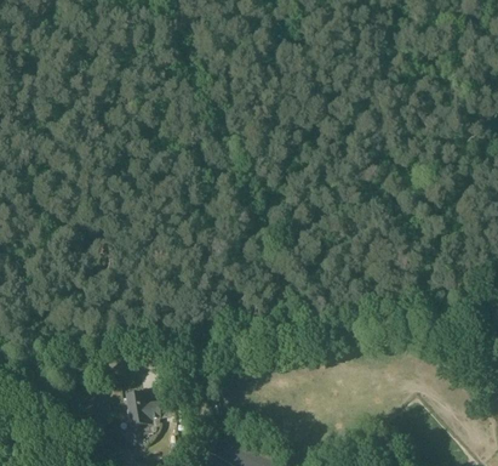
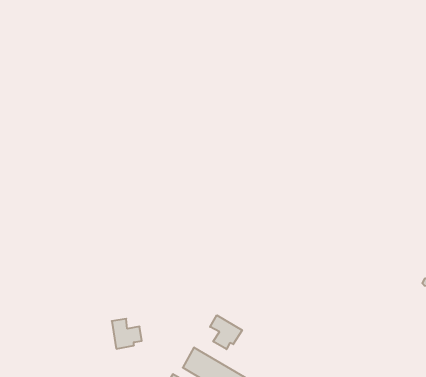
building: none -> [210,315,242,349]

